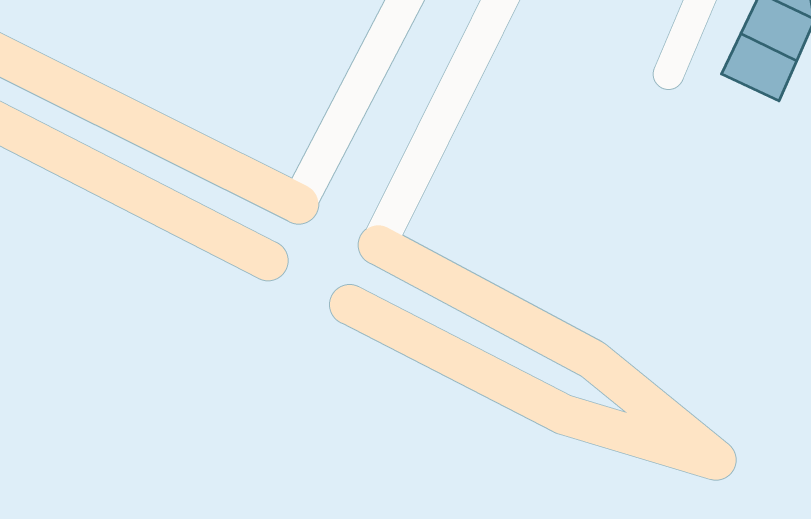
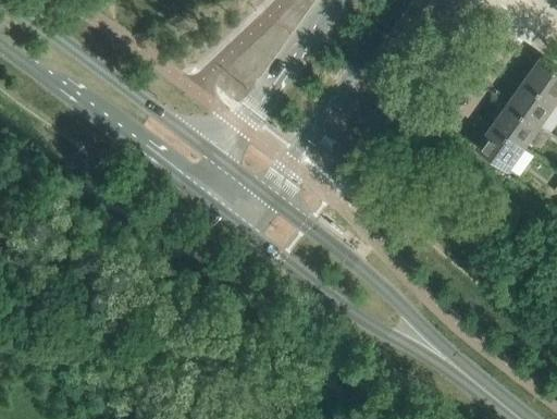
building: none -> [475,131,524,175]

